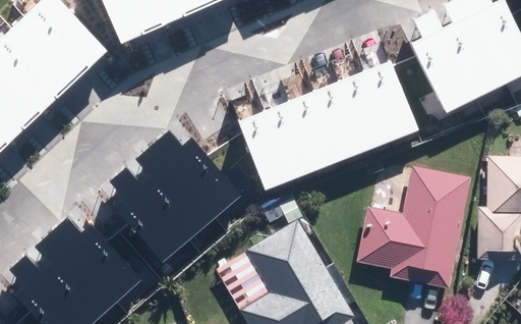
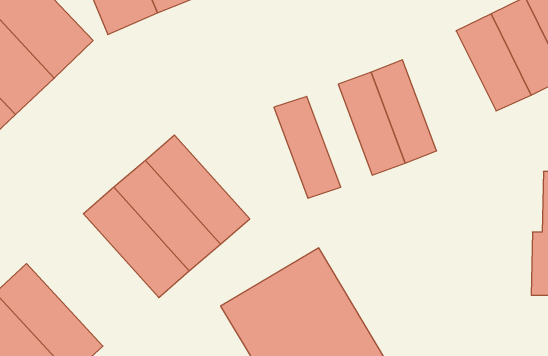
building: [368,54,424,141] -> none
building: [288,85,343,171] -> none
building: [234,104,289,191] -> none
building: [356,167,470,291] -> none
building: [53,213,141,305] -> none

